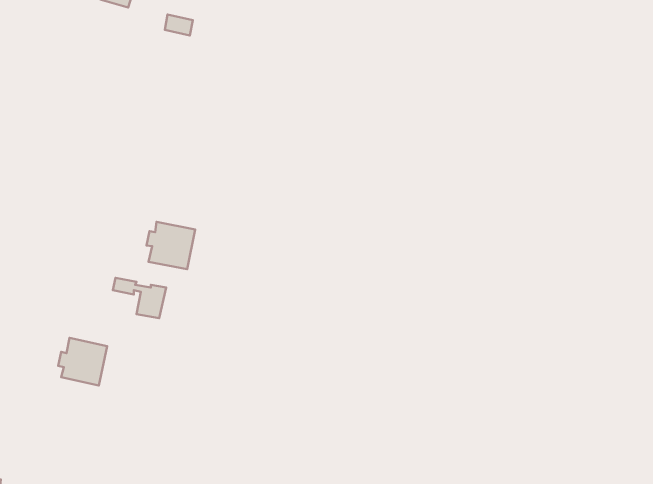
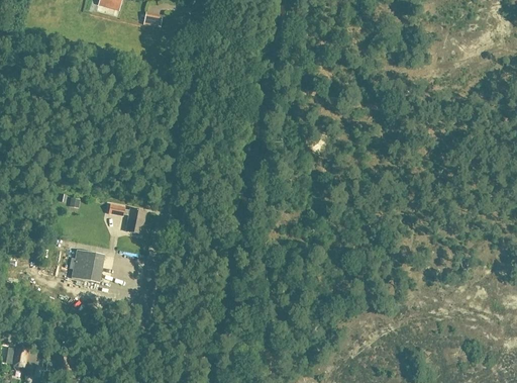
building: [146,222,195,269] -> none

